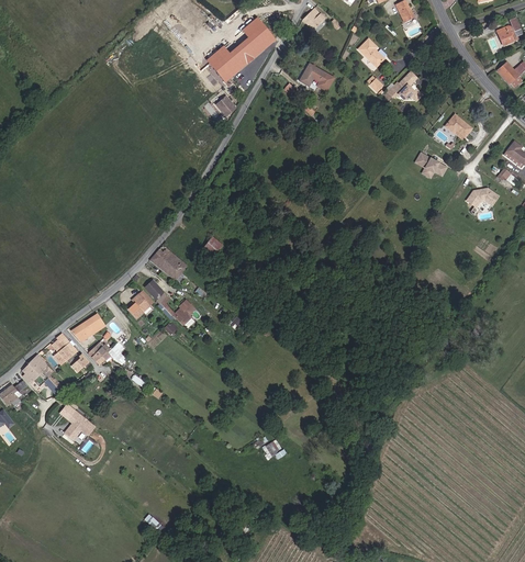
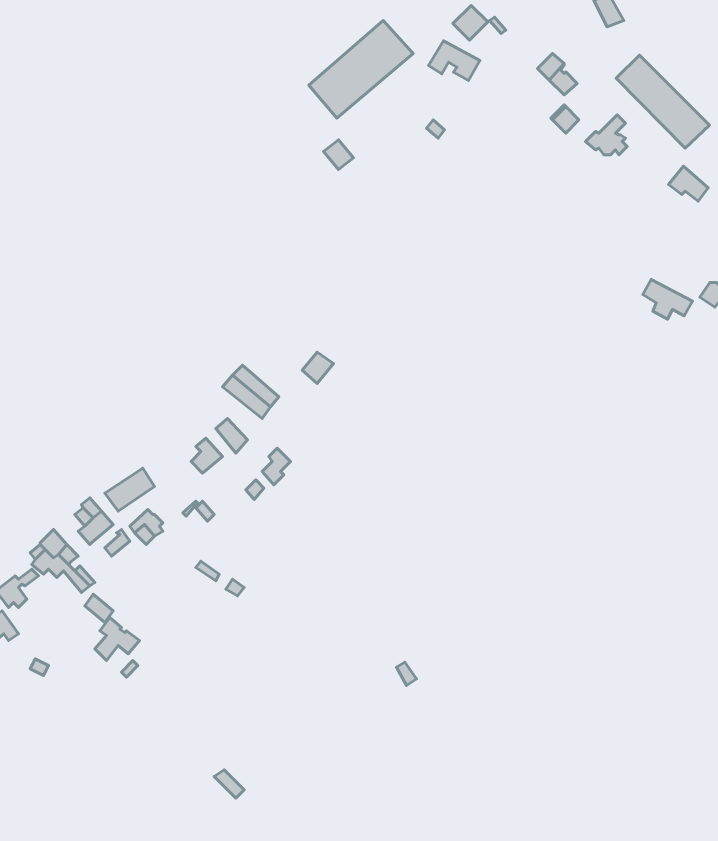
building: none -> [616,55,710,148]
building: [300,64,334,90] -> [429,41,480,81]
building: [415,151,448,178] -> [643,280,693,319]

